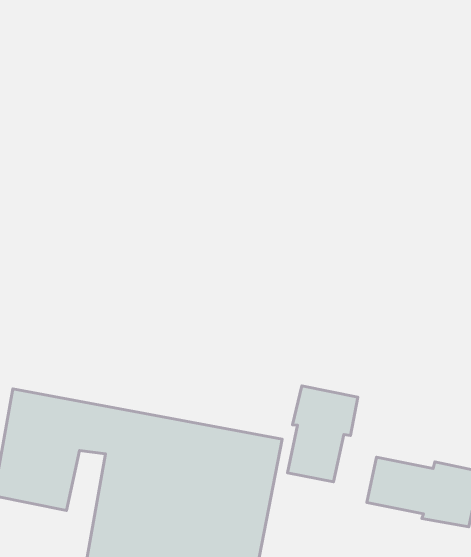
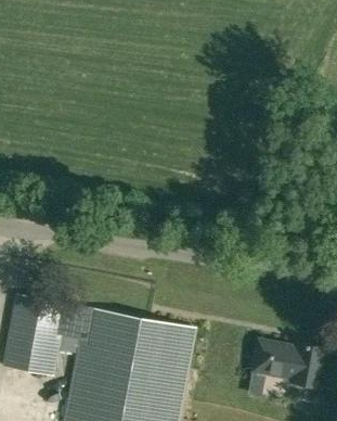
building: [287,386,358,482] -> none

